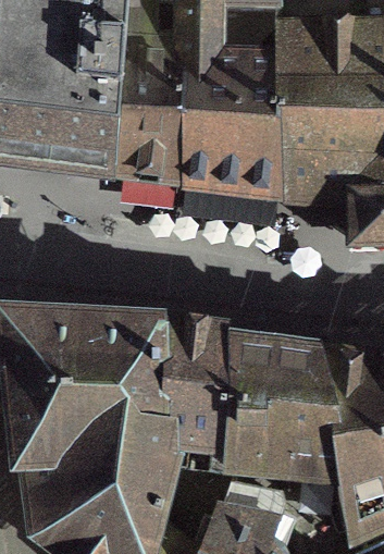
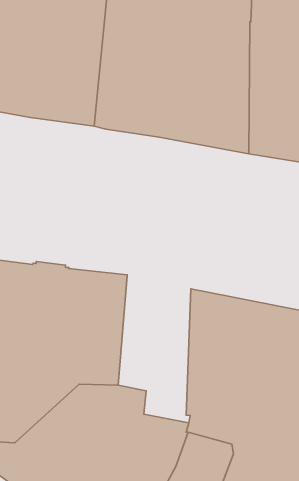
building: [157,319,233,467] -> none

